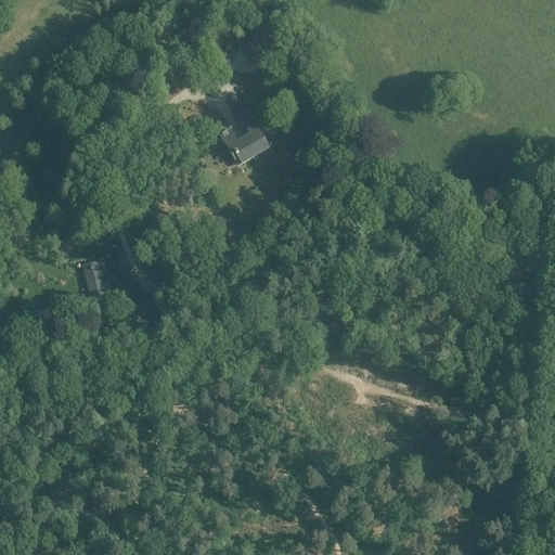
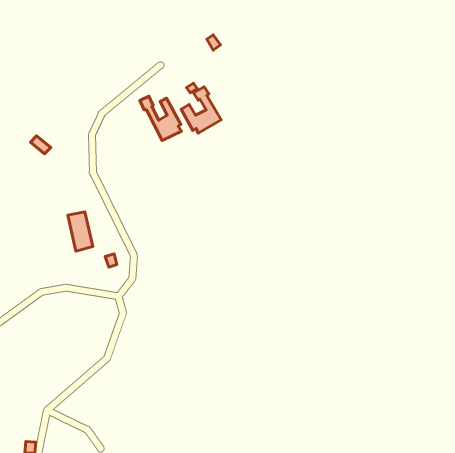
building: none -> [140,96,181,141]

